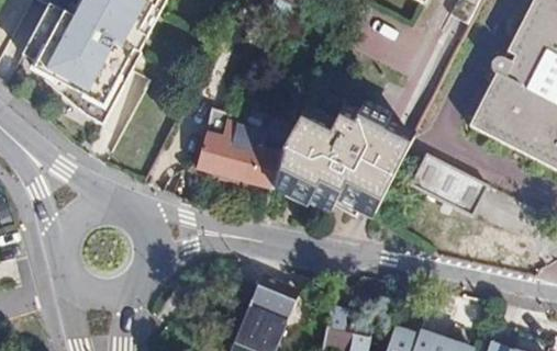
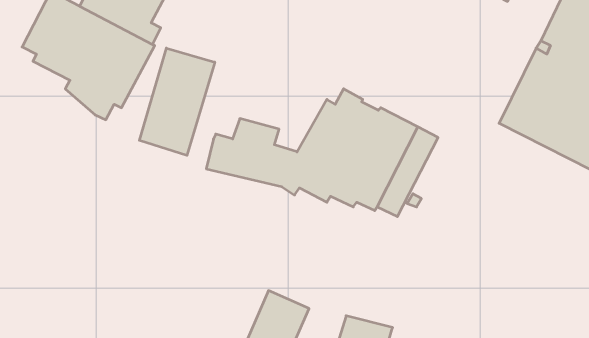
building: none -> [139,48,215,155]
building: [411,149,489,215] -> none

